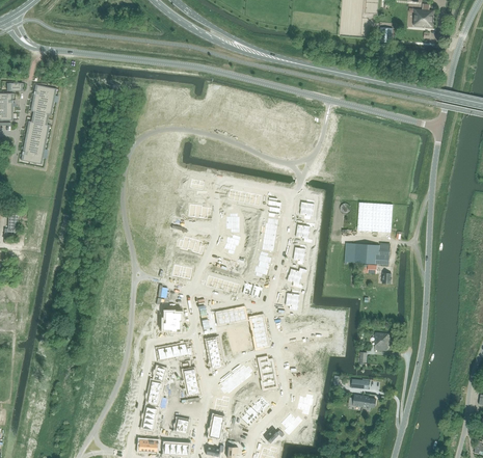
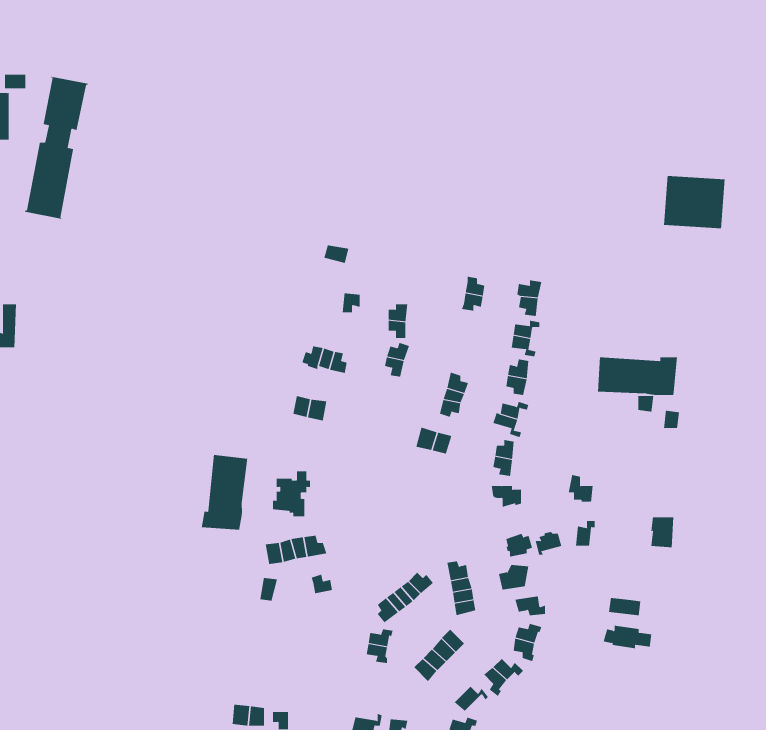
building: [357,203,393,233] -> [663,175,725,229]
building: none -> [201,454,248,531]

